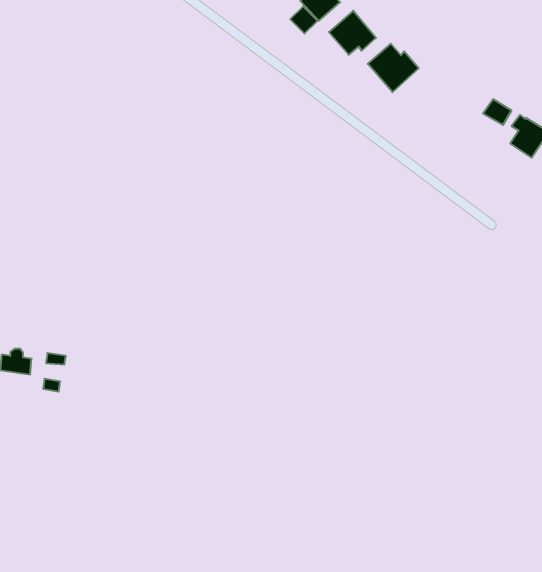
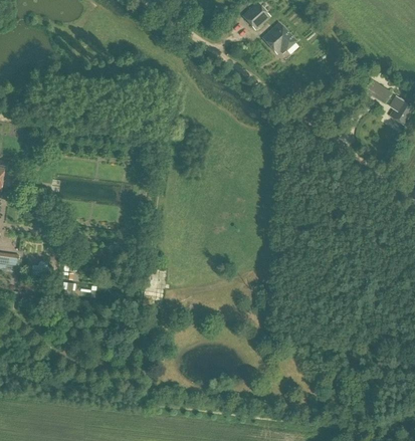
building: [368,44,419,92] -> none

